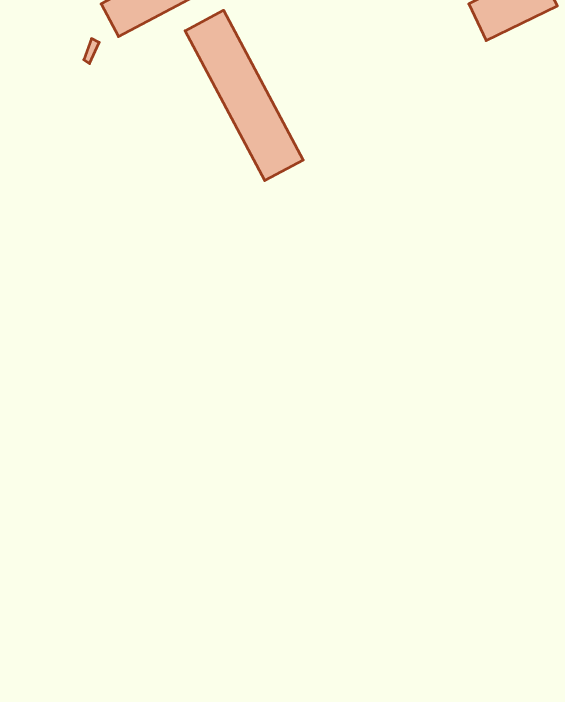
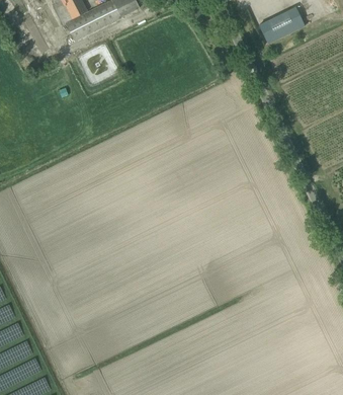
building: [185,10,303,181] -> none

